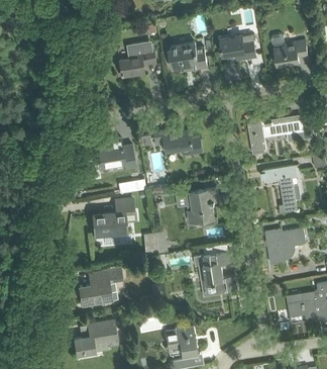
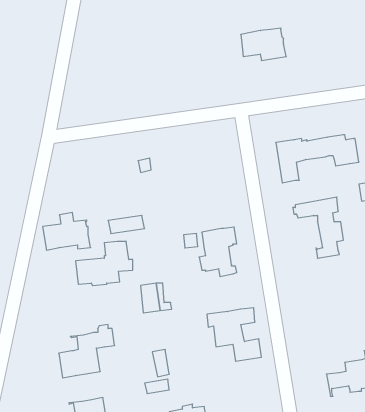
building: [269,33,308,66] -> none
building: [118,41,154,77] -> none
building: [168,42,207,69] -> none
building: [152,128,201,156] -> none
building: [97,137,134,167] -> [43,212,91,250]
building: [264,227,306,264] -> none

